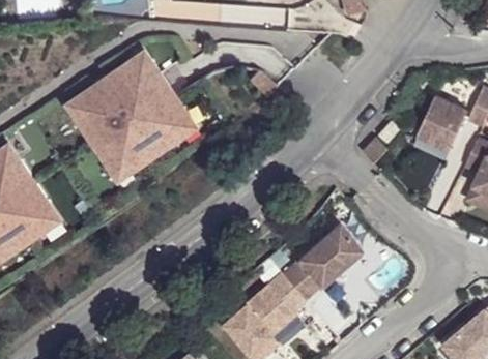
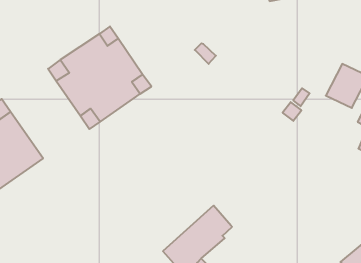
building: [279,227,357,302] -> none

